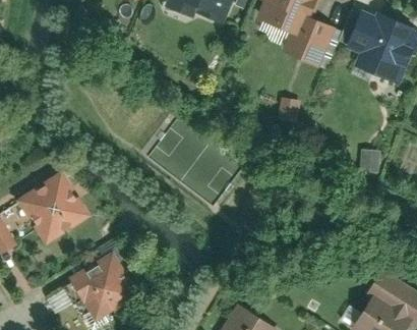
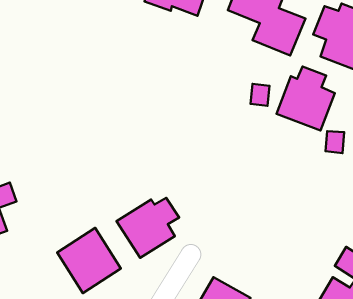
building: none -> [276,66,335,130]
building: [18,171,94,246] -> none
building: none -> [117,198,179,258]

